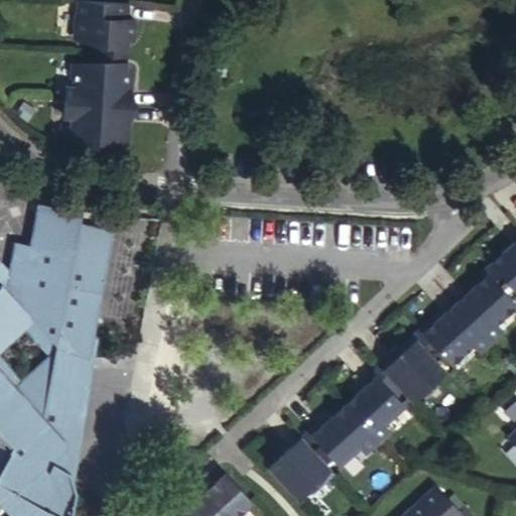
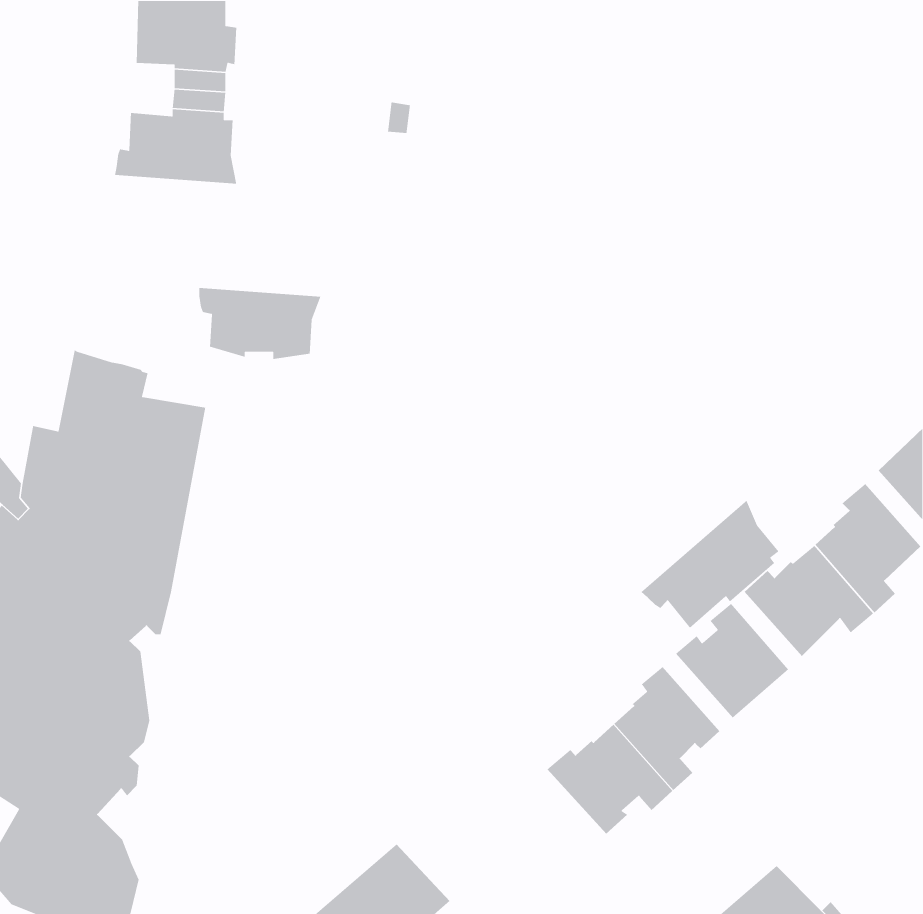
building: [63,104,132,144] -> [198,287,322,360]
building: none -> [640,499,779,629]
building: [54,336,103,487] -> none
building: [266,440,330,501] -> none

